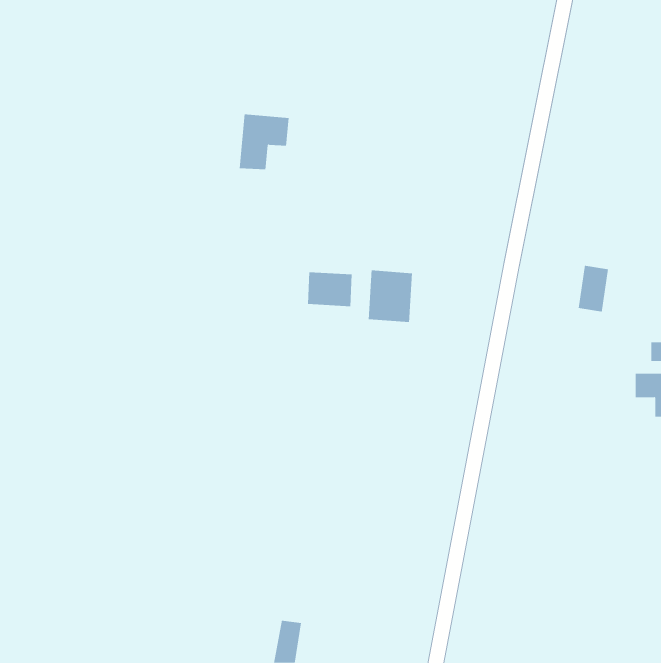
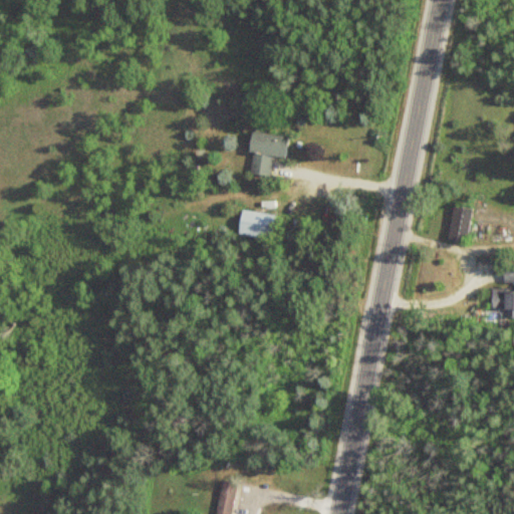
building: [239,114,289,170] -> [249,132,288,175]
building: [368,270,412,323] -> none

